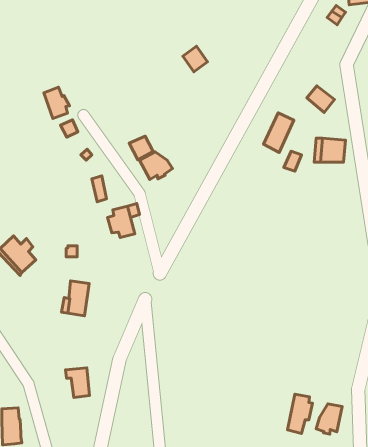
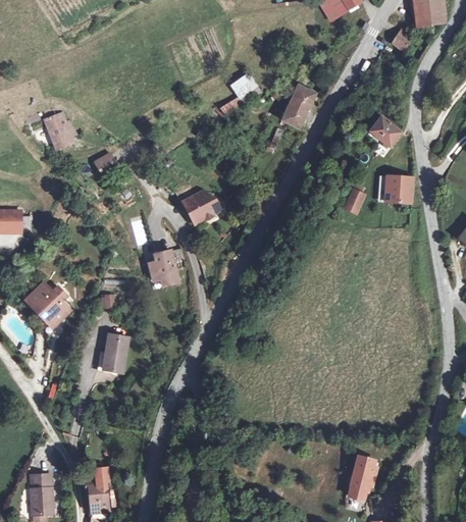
building: [44,87,69,119] -> [45,113,73,148]
building: [264,113,294,152] -> [281,85,315,128]
building: [129,136,153,160] -> none
building: [66,368,90,397] -> [82,480,108,513]
building: [316,404,342,434] -> none

